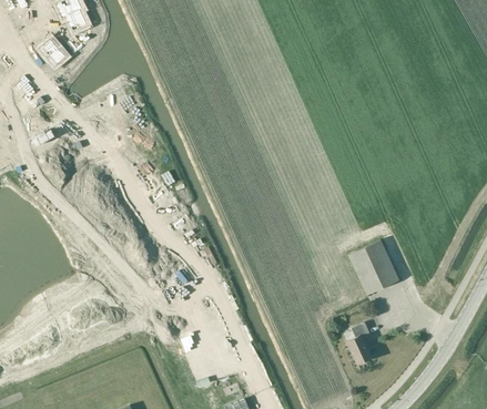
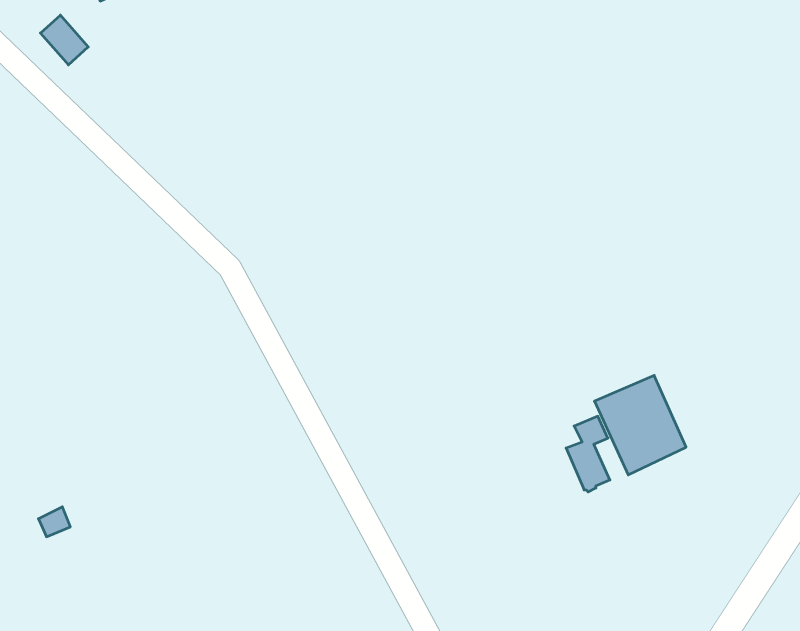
building: [347,323,372,365] -> [566,416,610,492]

